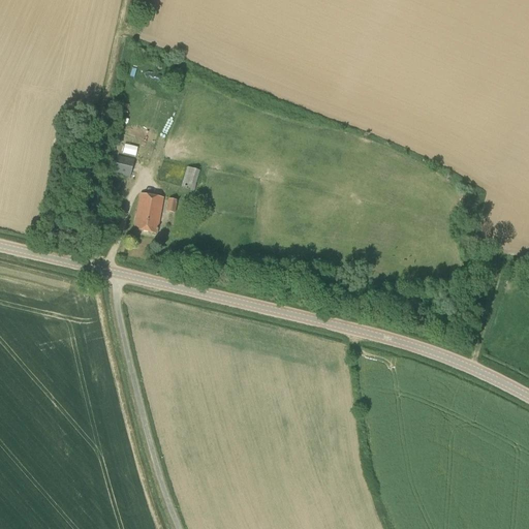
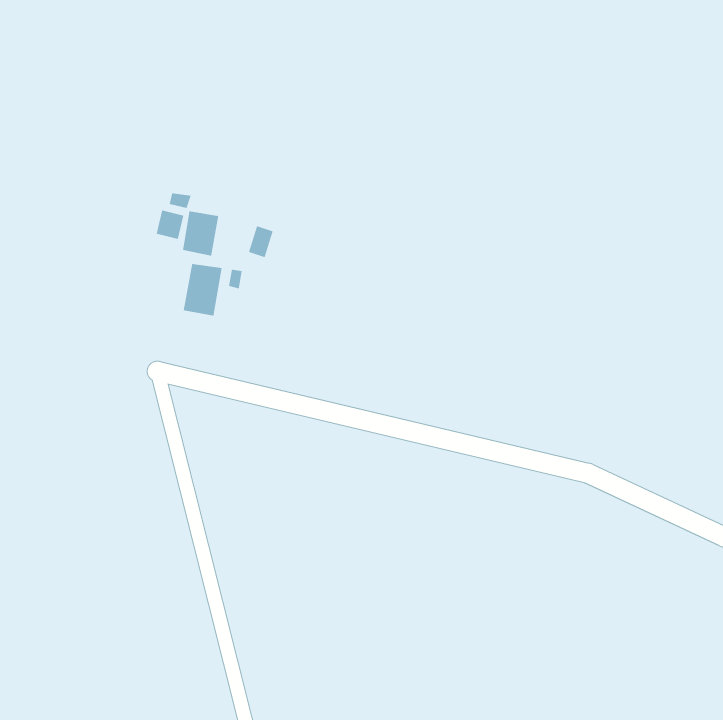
building: none -> [182,210,219,257]

